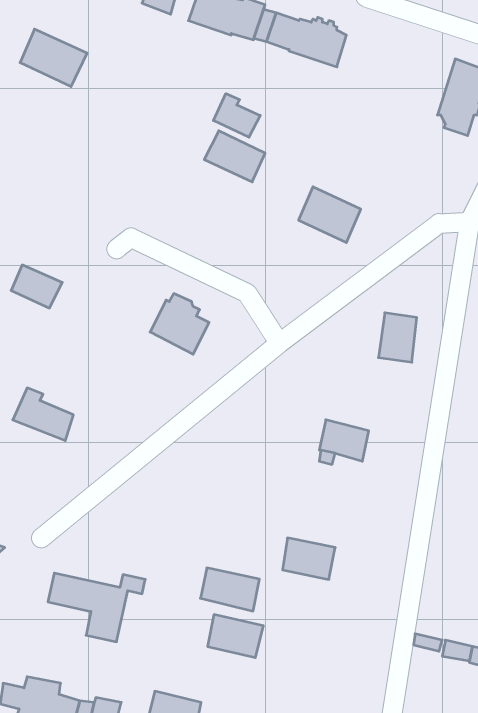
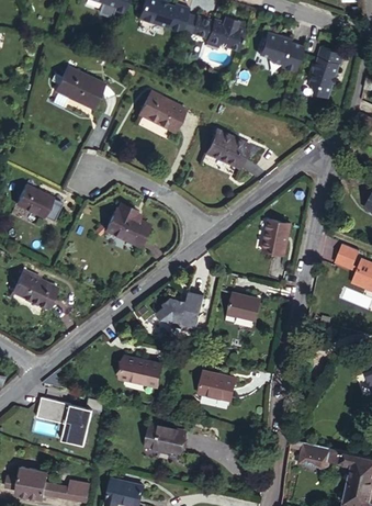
building: [20,29,87,87] -> [55,67,101,106]
building: none -> [256,31,301,72]
building: [213,94,260,137] -> none
building: none -> [154,293,202,330]
building: [200,568,259,611] -> [120,358,160,387]

